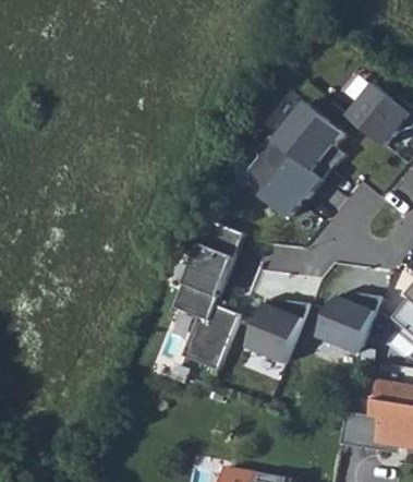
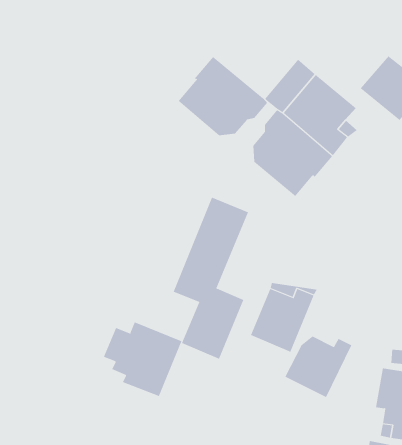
building: none -> [178,56,268,136]
building: [313,293,376,351] -> [284,336,352,398]
building: none -> [103,321,182,397]

